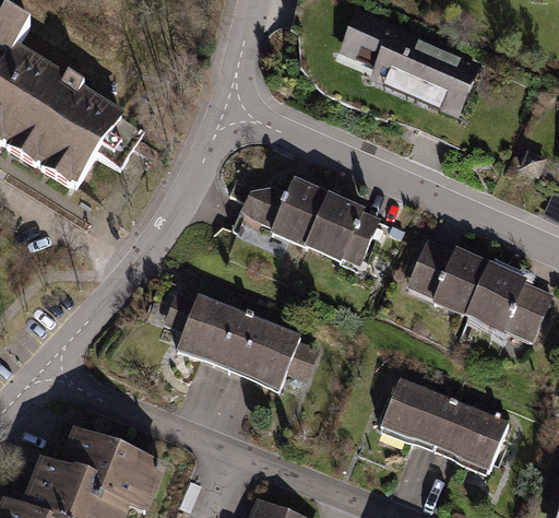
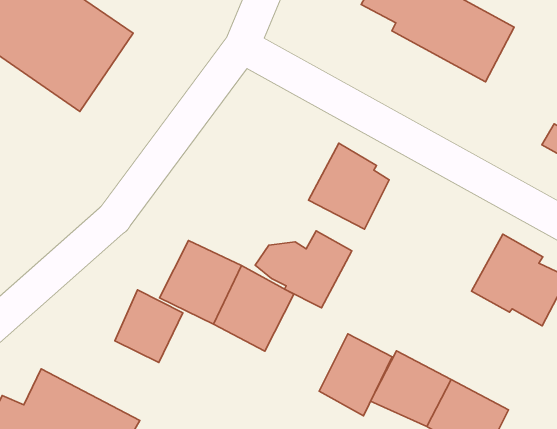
building: [239,175,328,246] -> [255,231,352,308]
building: [406,239,488,316] -> none
building: none -> [115,290,183,362]
building: none -> [319,334,392,416]

